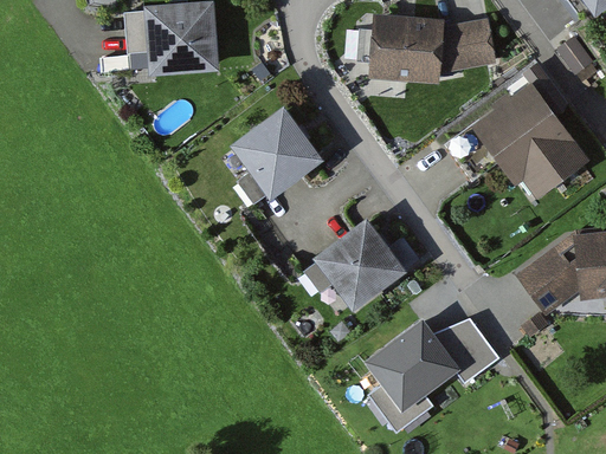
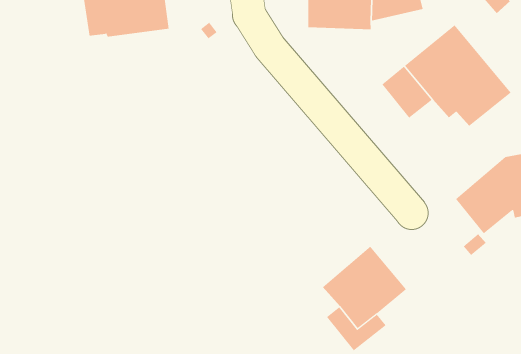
building: [231,108,323,199] -> none
building: [314,215,407,309] -> none
building: [433,319,499,382] -> none

